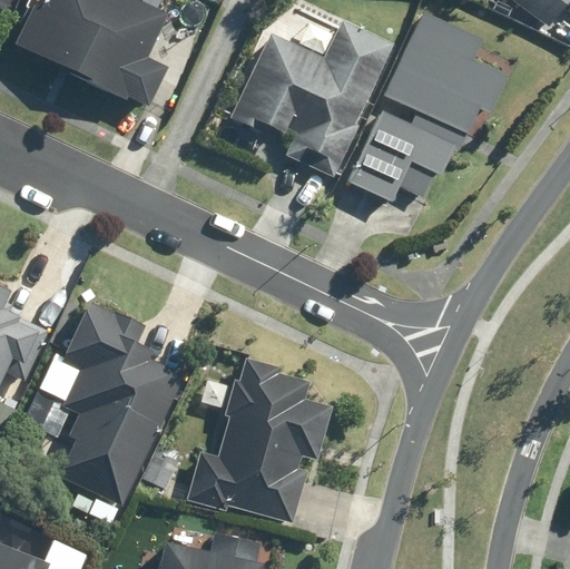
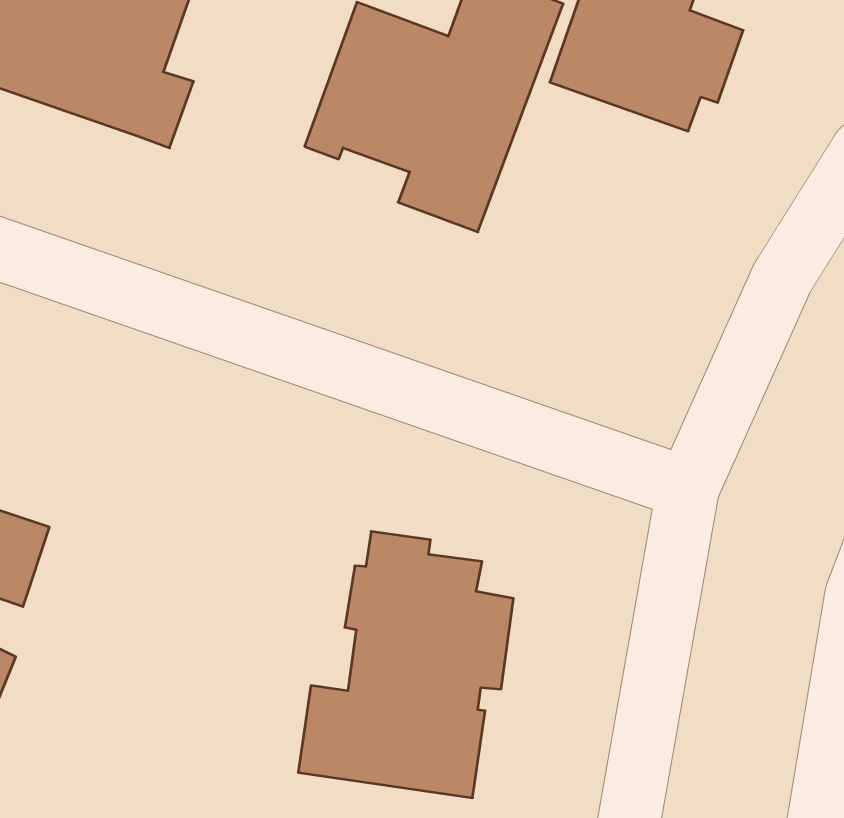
building: [346,114,459,203] -> none
building: [40,301,186,504] -> none

